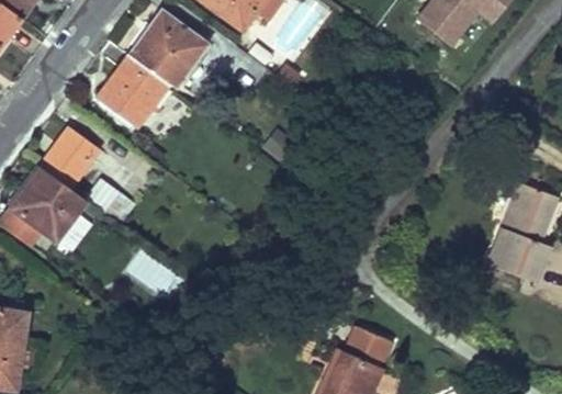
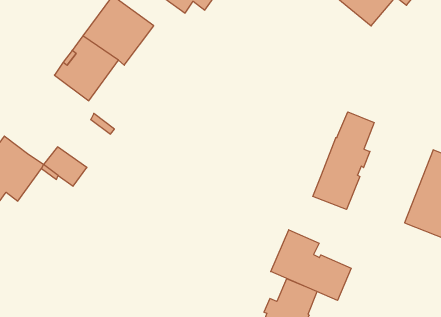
building: [41,126,98,188] -> none
building: none -> [313,112,374,209]
building: none -> [271,230,351,300]

